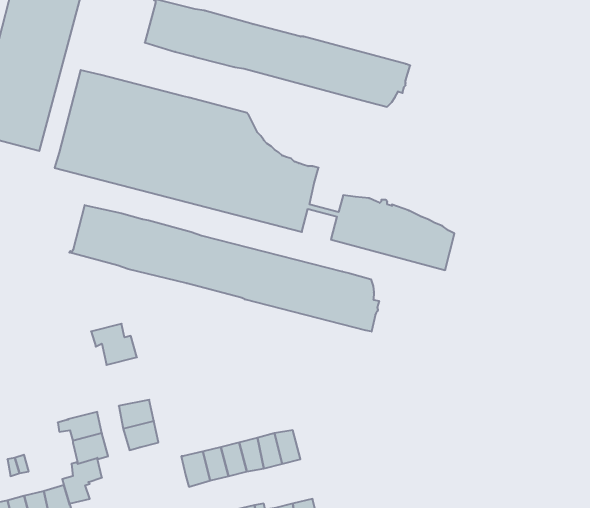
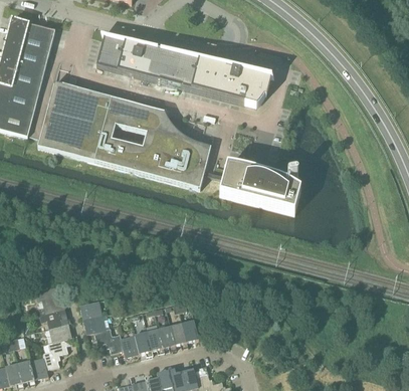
building: [69,205,379,332] -> none
building: [91,324,137,365] -> [35,285,65,313]
building: none -> [93,327,124,353]

